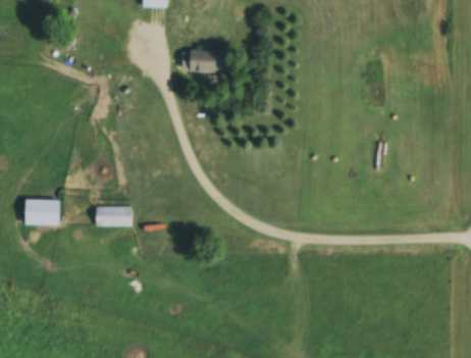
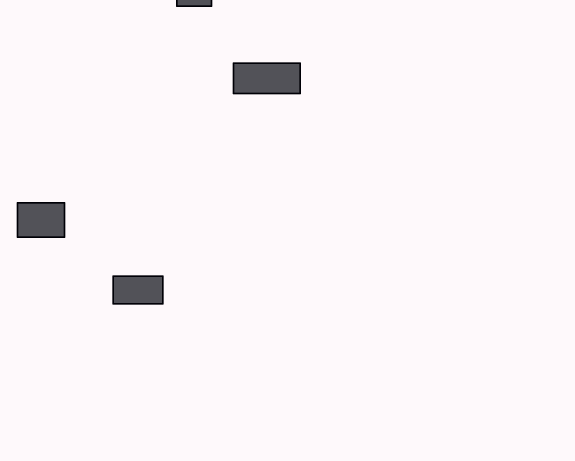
building: [24,200,59,225] -> [18,203,65,237]

